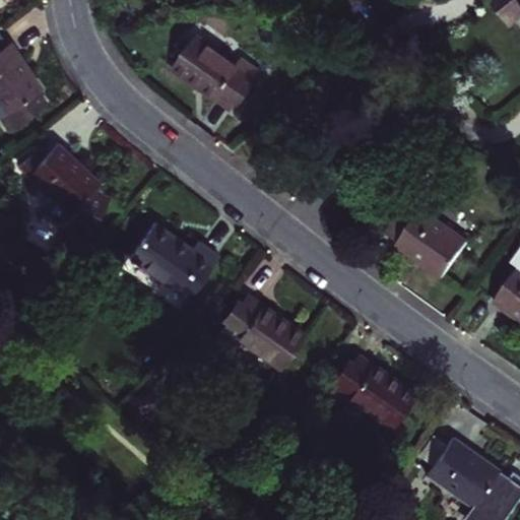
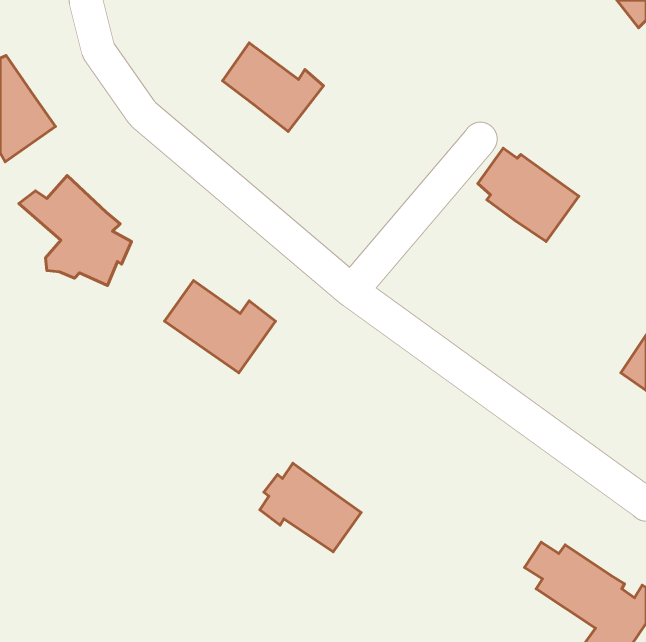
building: [390,201,471,276] -> [478,148,579,242]
building: [222,298,304,369] -> [260,463,361,552]
building: [330,355,417,431] -> none

